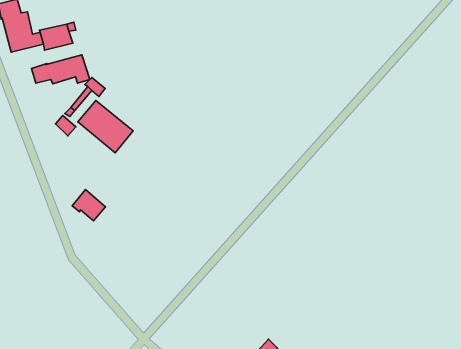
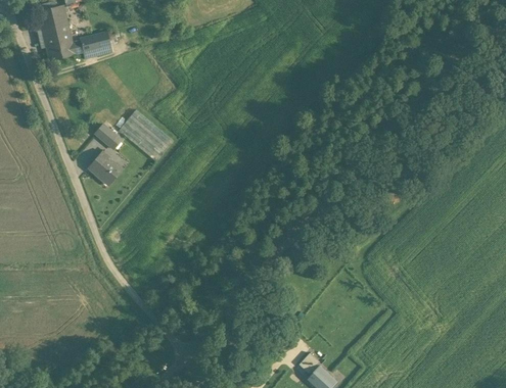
building: [31,55,90,84] -> none
building: [72,190,106,221] -> [87,151,121,183]

